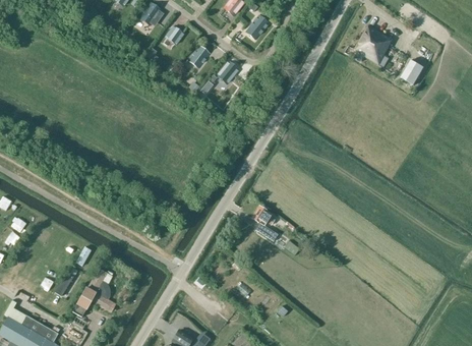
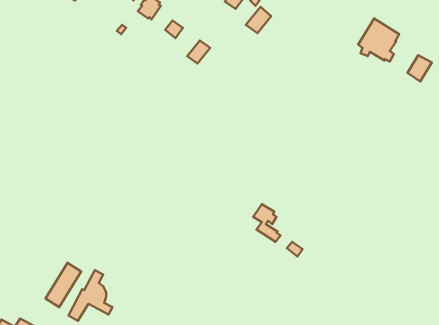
building: [217,60,244,86] -> none

